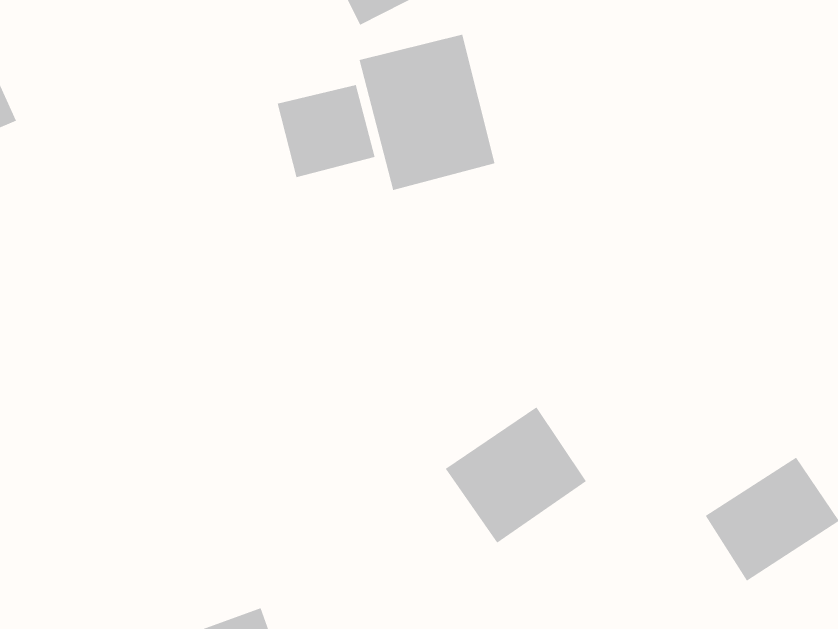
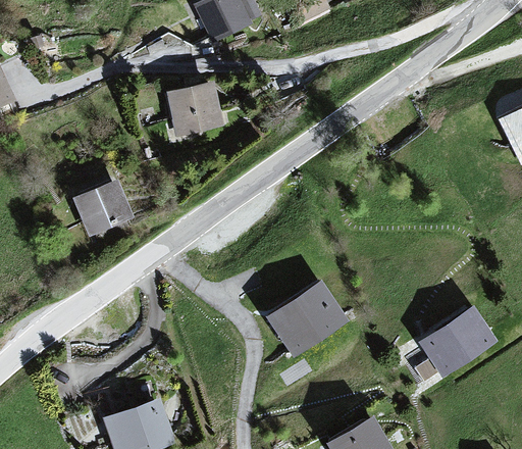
building: [359,34,495,191] -> none
building: none -> [73,182,136,243]

